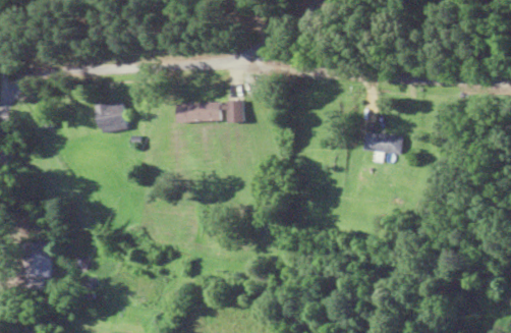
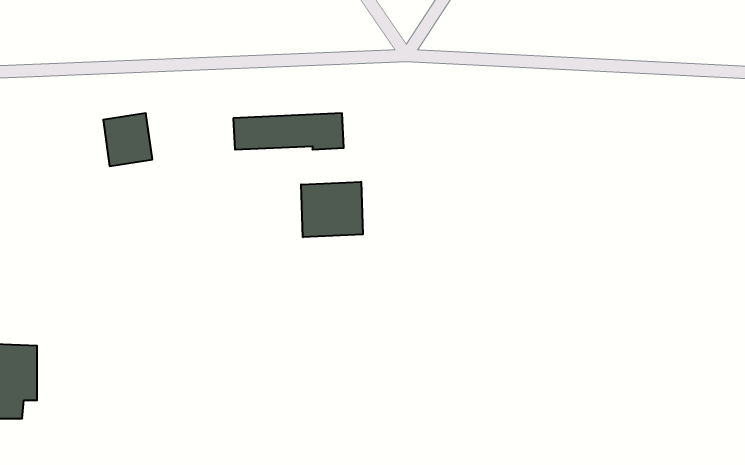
building: [360,131,404,154] -> none
building: none -> [301,182,363,237]

